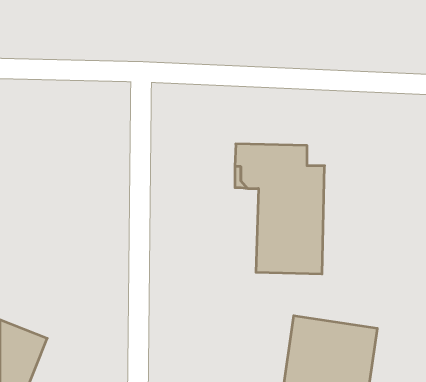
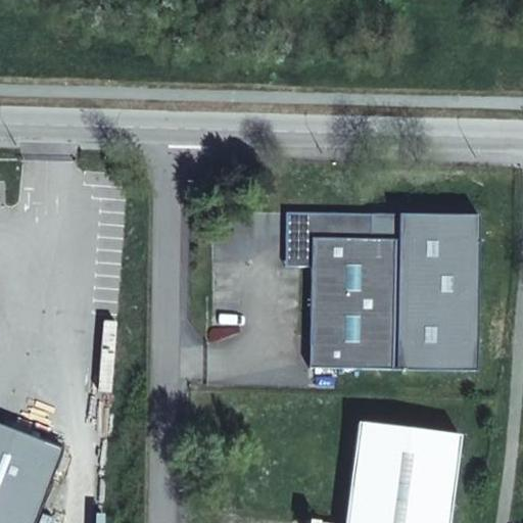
building: none -> [377,213,477,370]

